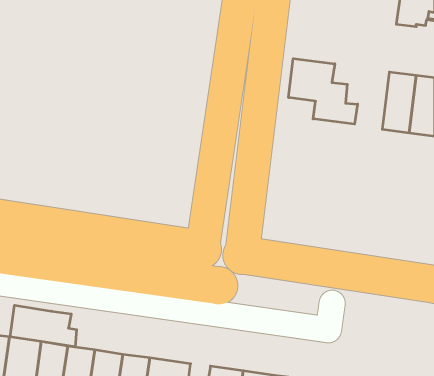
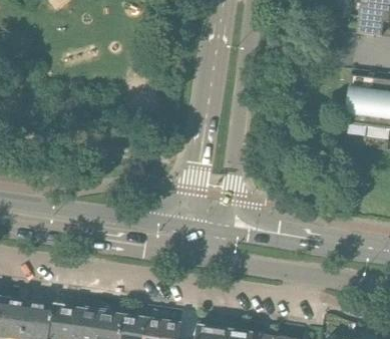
building: [289,59,358,124] -> none
building: [10,305,77,347] -> none

